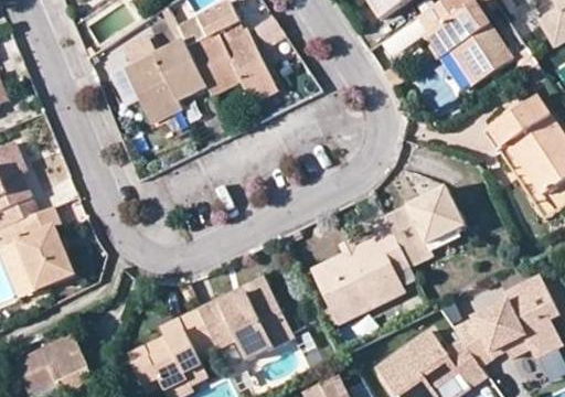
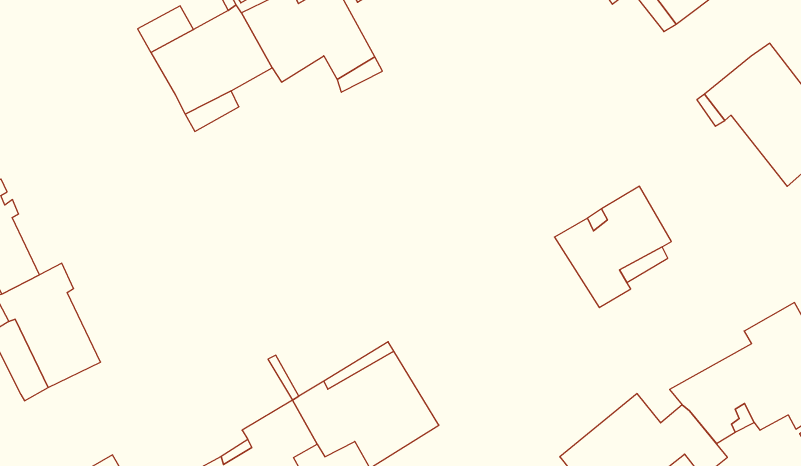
building: [315,215,411,318] -> none

